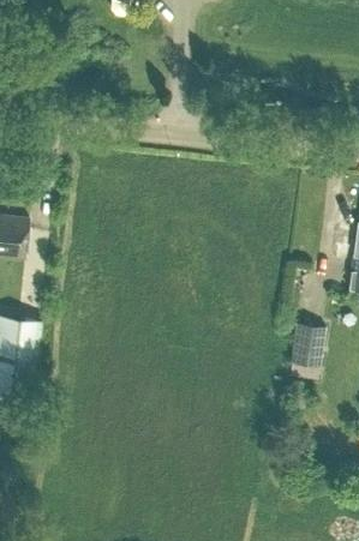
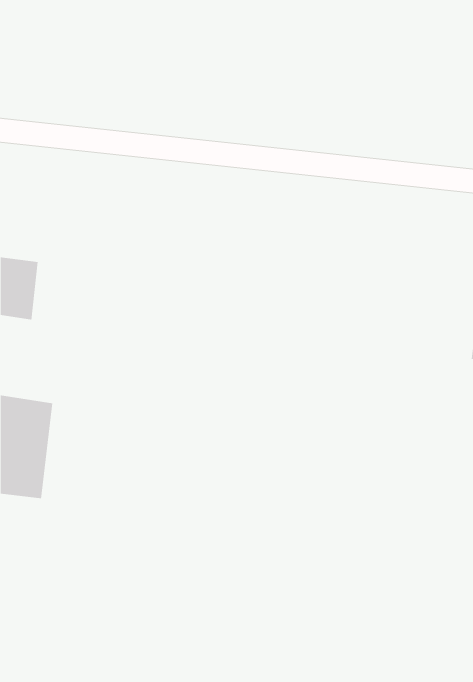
building: [289,319,324,362] -> none

